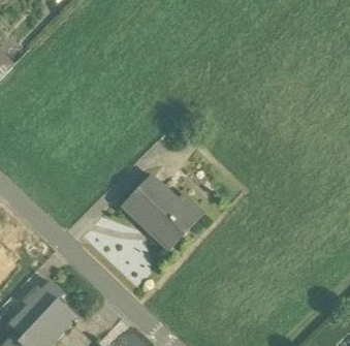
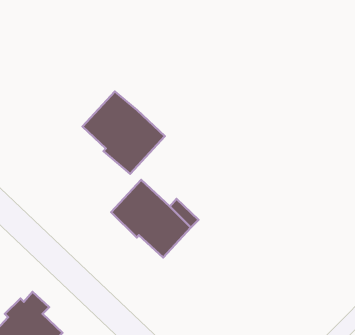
building: none -> [83,91,165,174]

